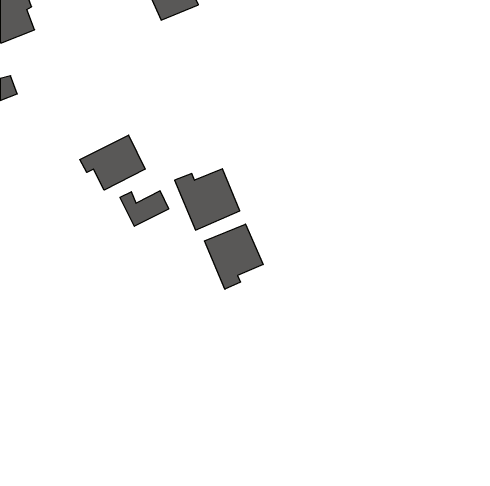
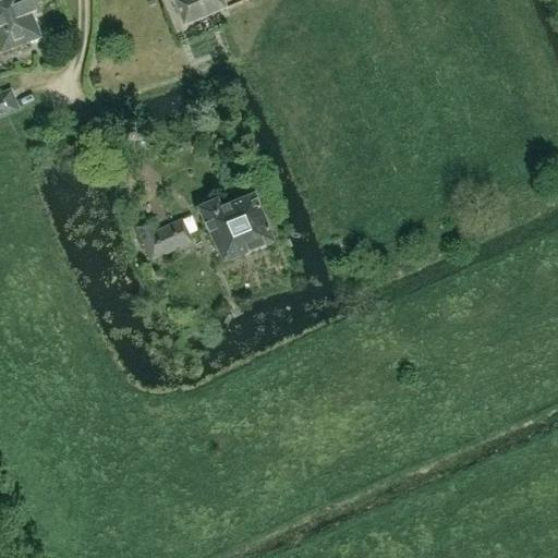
building: [80,135,145,190] -> none
building: [204,224,263,289] -> none

